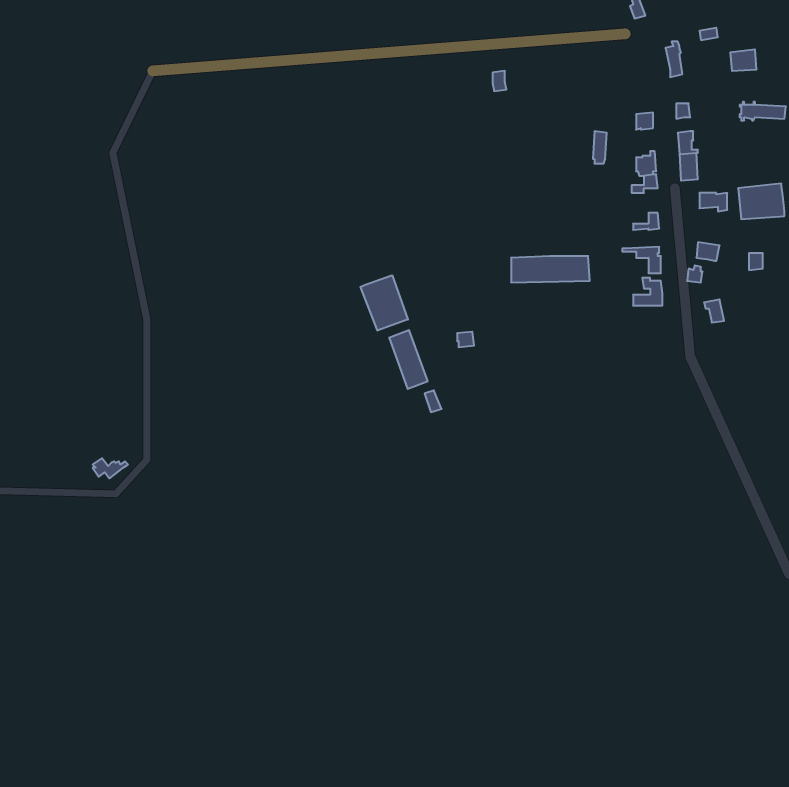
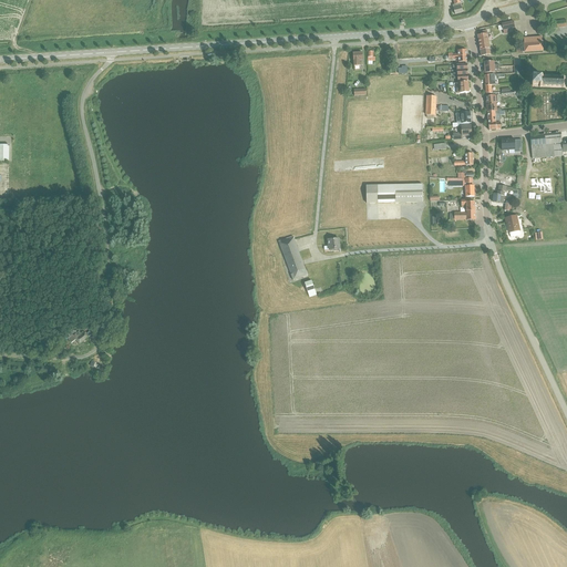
building: [360,275,408,331] -> none

